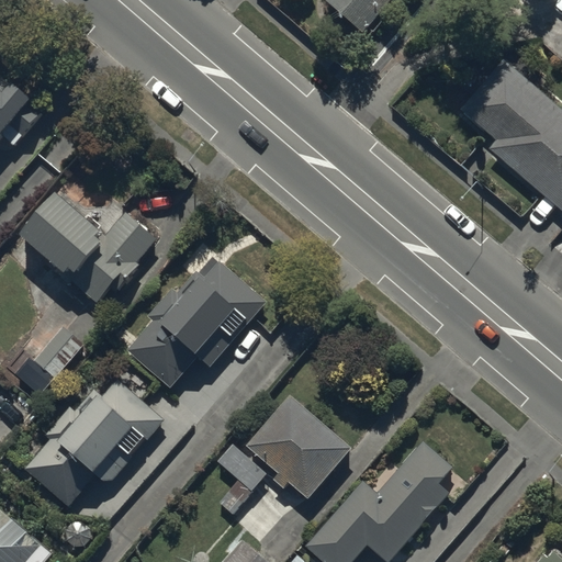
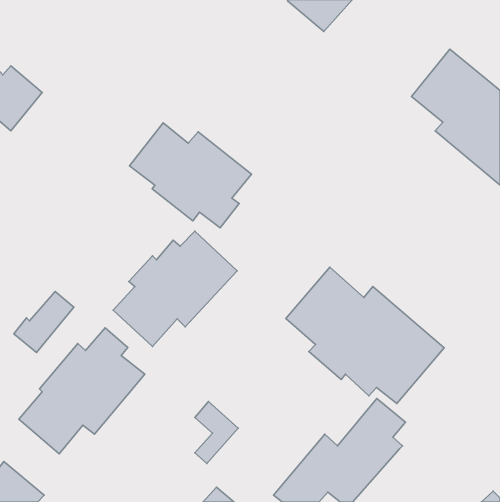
building: none -> [130,123,252,228]
building: [20,187,157,310] -> none
building: none -> [286,267,444,403]
building: [246,401,351,504] -> none

